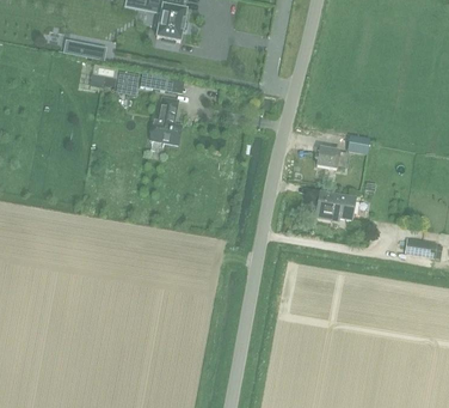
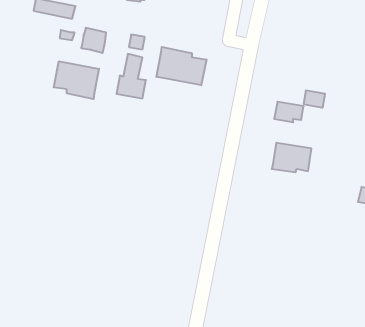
building: none -> [156,47,206,85]
building: none -> [54,61,99,99]

